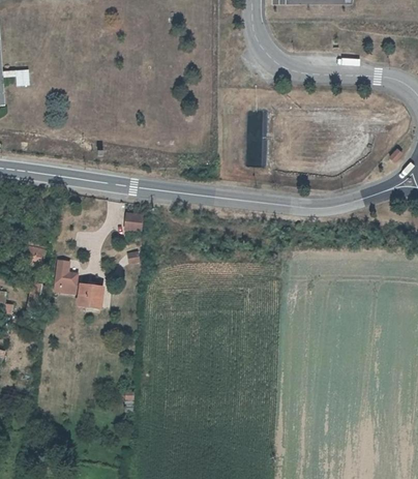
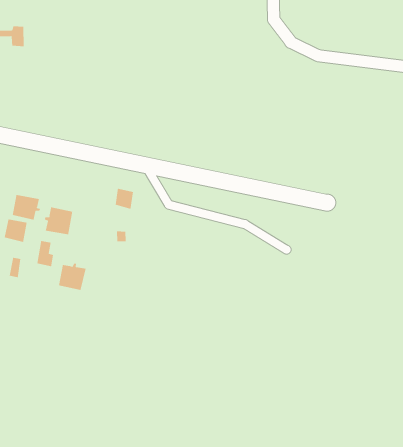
building: none -> [12,194,41,220]
building: none -> [44,206,73,235]

